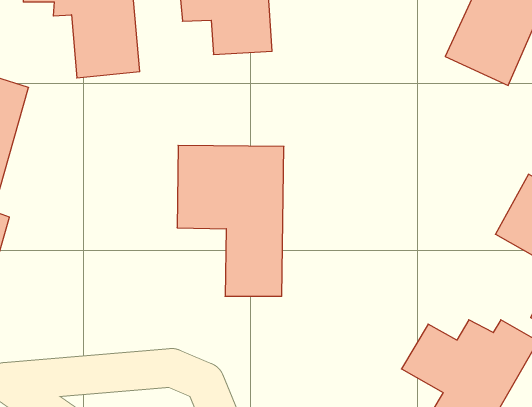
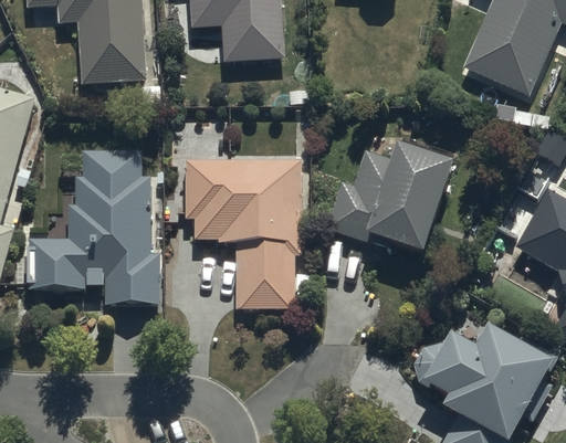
building: none -> [331,144,452,261]
building: none -> [27,150,153,307]

